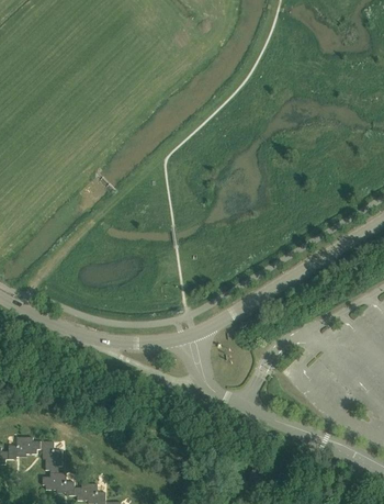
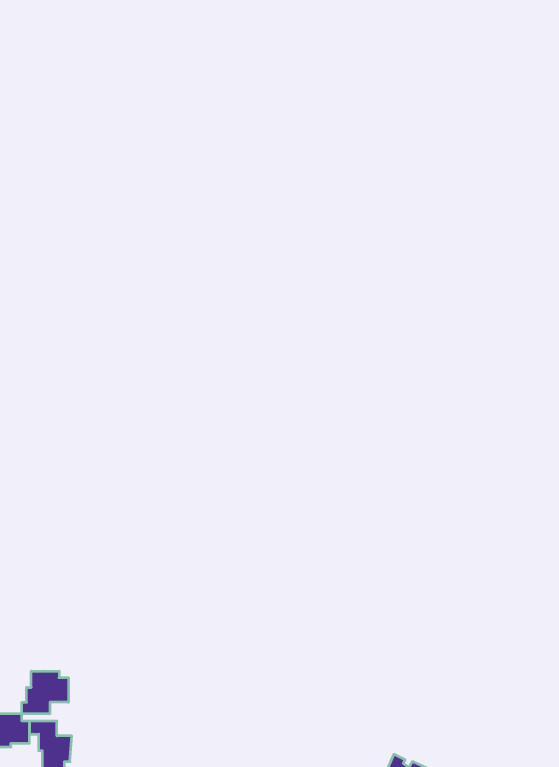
building: none -> [22,671,68,714]

